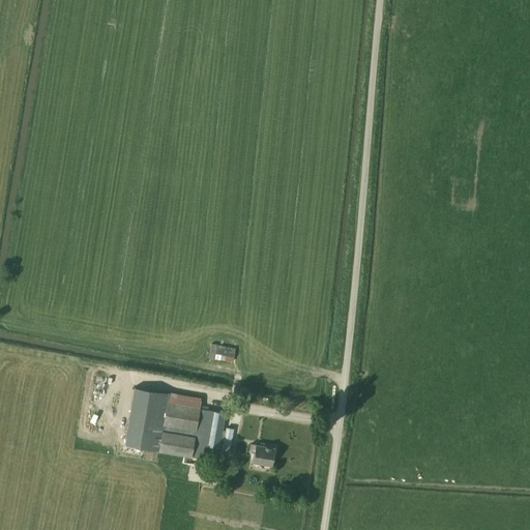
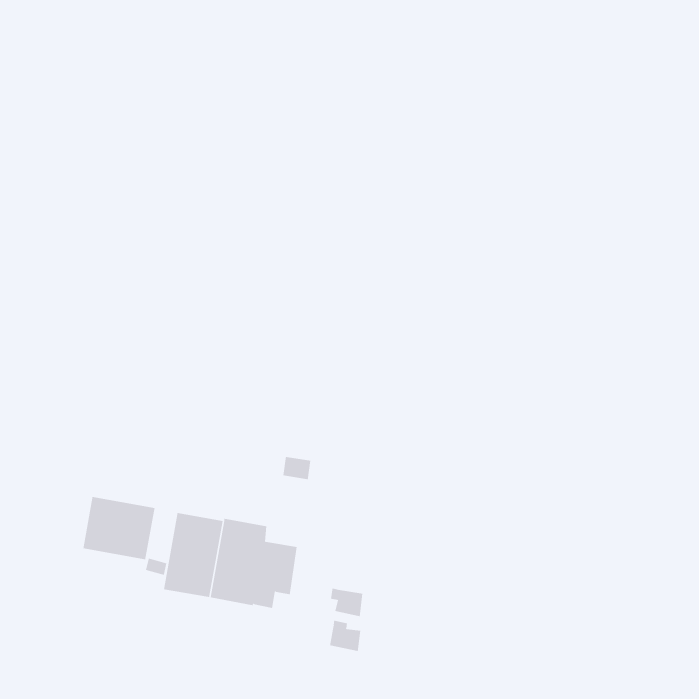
building: none -> [83,496,155,560]
building: none -> [329,620,361,652]

